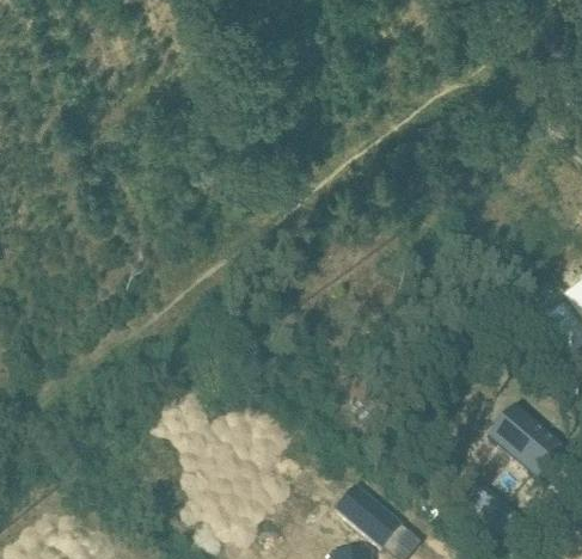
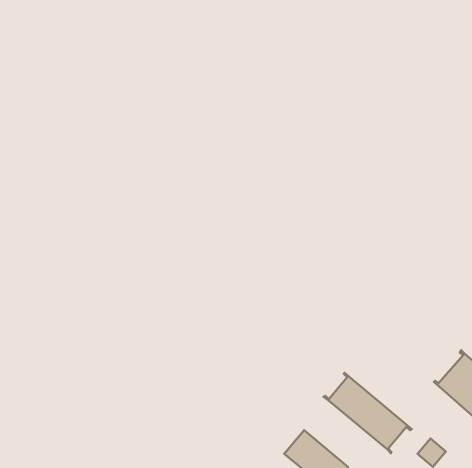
building: none -> [324,373,412,453]

